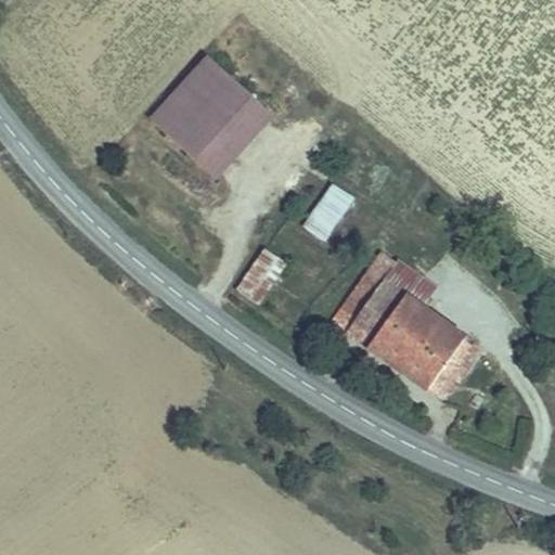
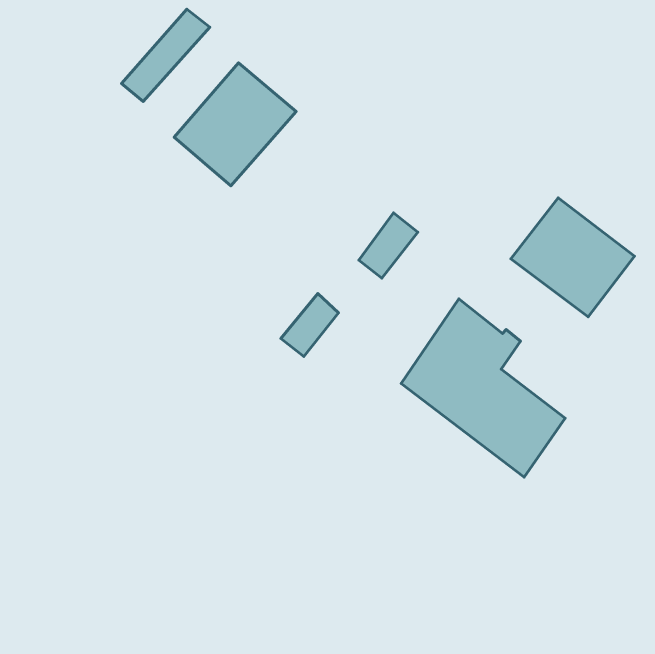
building: [195,95,270,173] -> [122,9,210,101]
building: none -> [511,198,635,317]

